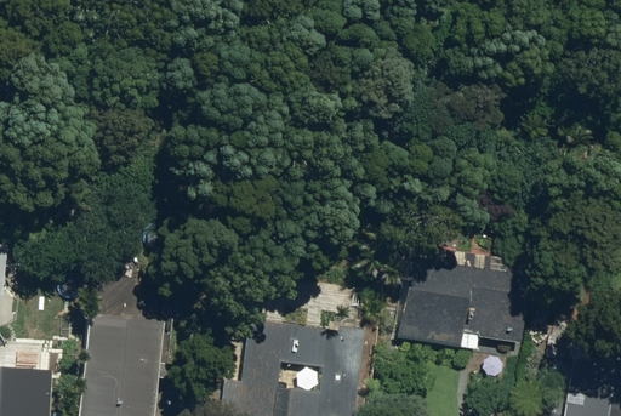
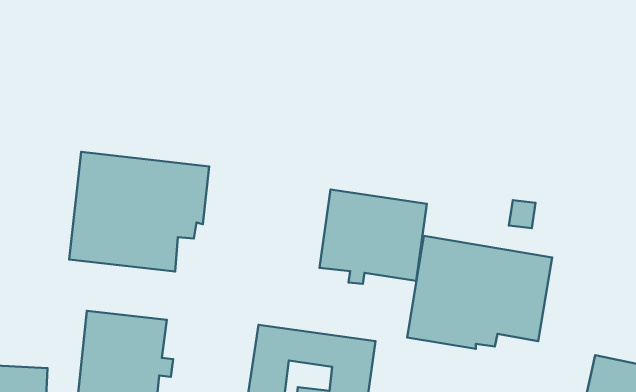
building: none -> [69,152,209,271]
building: none -> [319,190,427,284]

